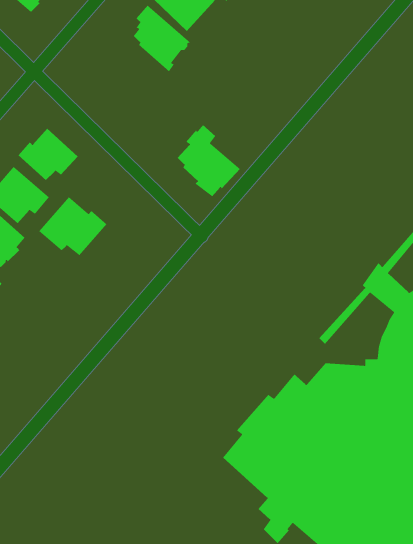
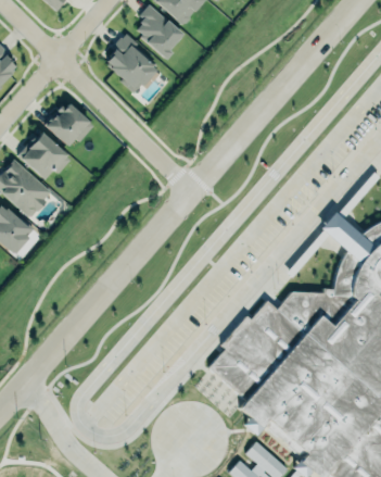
building: [177,124,241,197] -> [106,34,157,92]
building: [38,196,107,256] -> none

